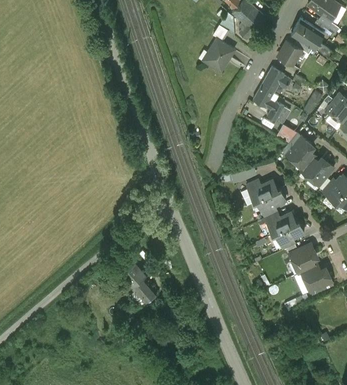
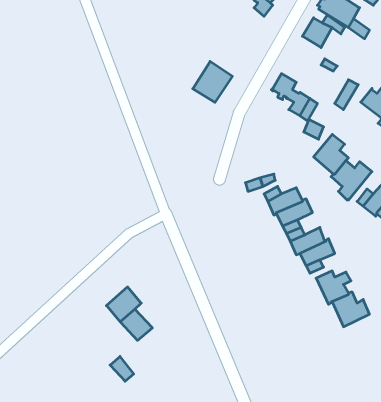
building: [203,39,235,72] -> [193,61,232,102]
building: [261,68,291,94] -> none

